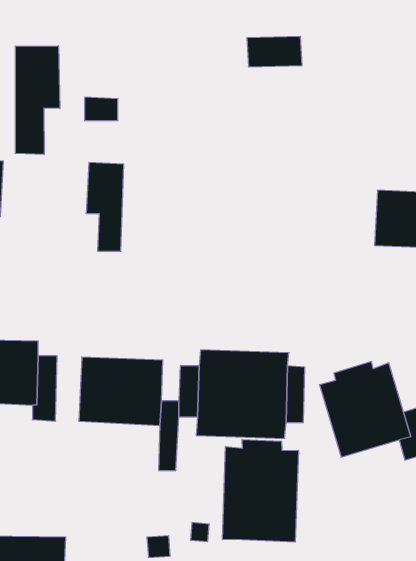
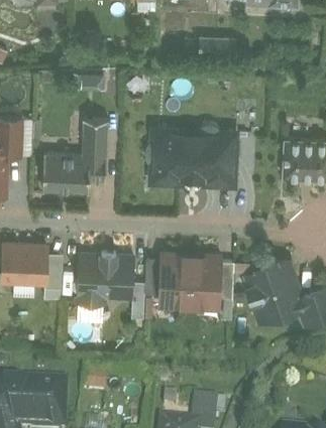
building: [15,46,60,155] -> none
building: none -> [147,126,236,188]
building: none -> [42,155,89,194]
building: [223,439,298,542] -> none

